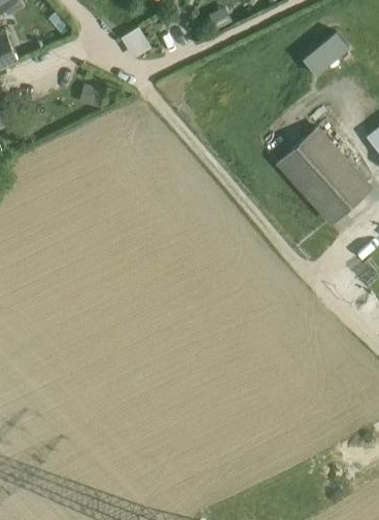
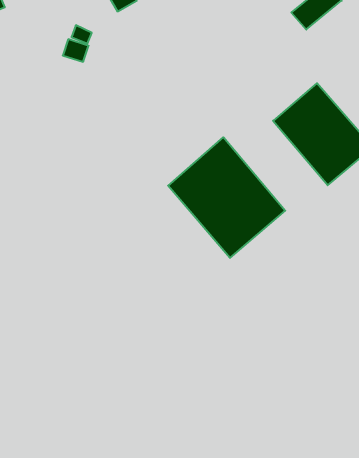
building: none -> [168,137,285,258]

